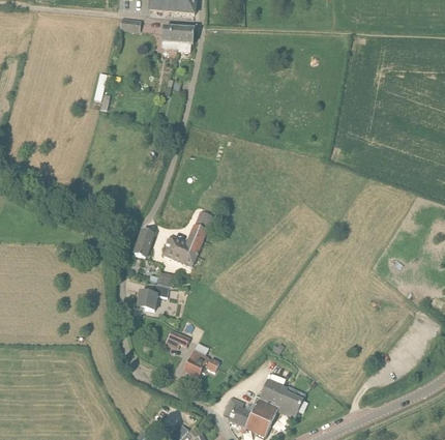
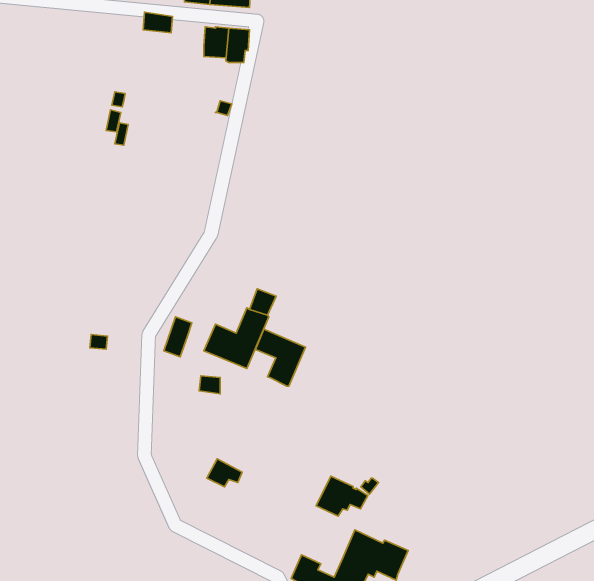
building: none -> [256,329,305,386]
building: [138,284,169,310] -> none
building: [183,349,219,377] -> [316,476,368,516]

